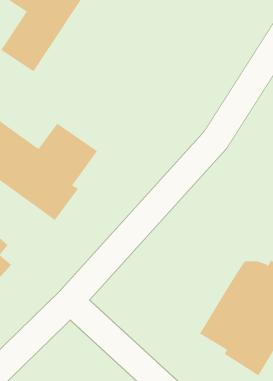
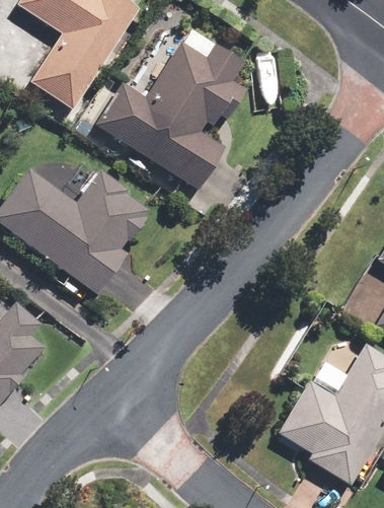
building: none -> [97,42,246,189]

